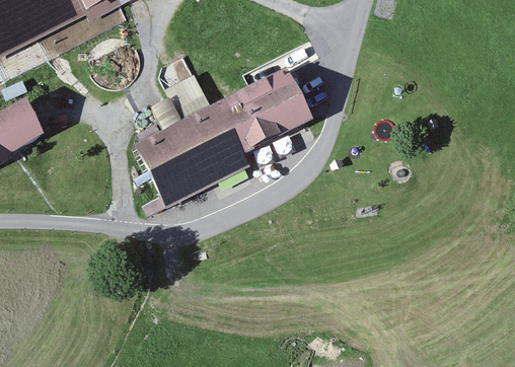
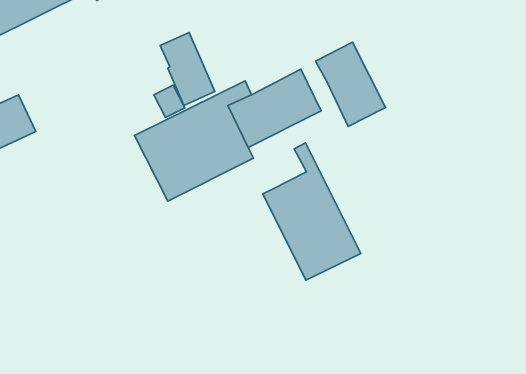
building: none -> [316,42,385,127]
building: none -> [263,143,361,280]

